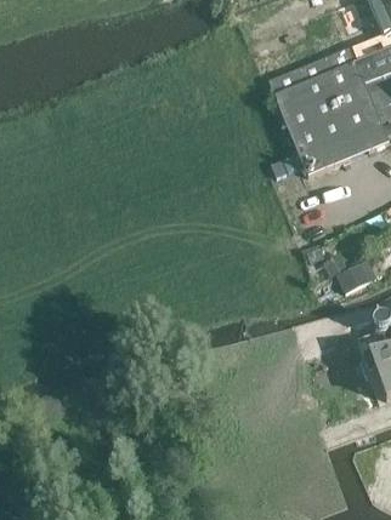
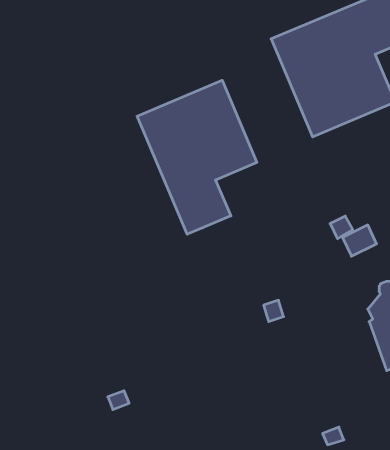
building: none -> [137,80,257,234]

